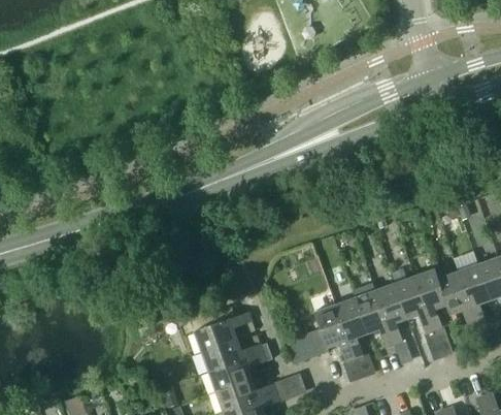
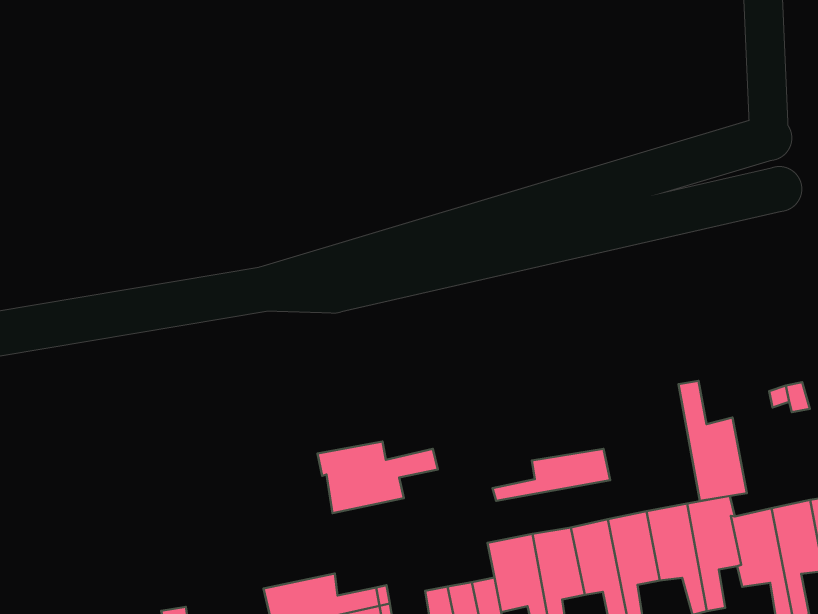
building: none -> [679,381,747,501]
building: none -> [493,449,610,501]
building: [189,312,253,353] -> [318,441,438,513]

